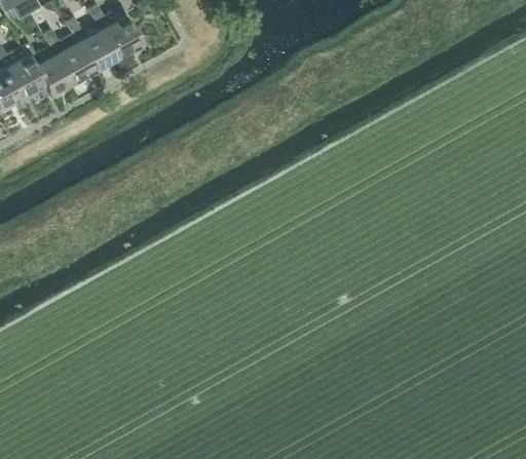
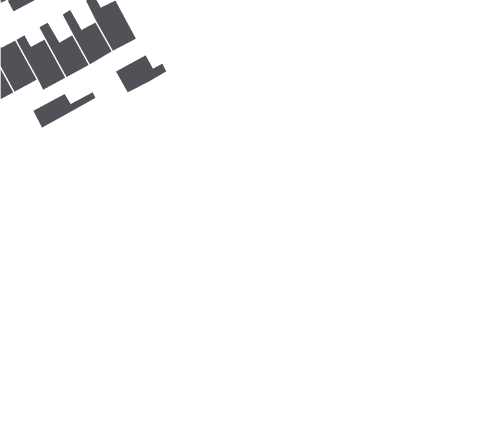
building: none -> [115,55,167,93]
building: none -> [33,91,96,129]

